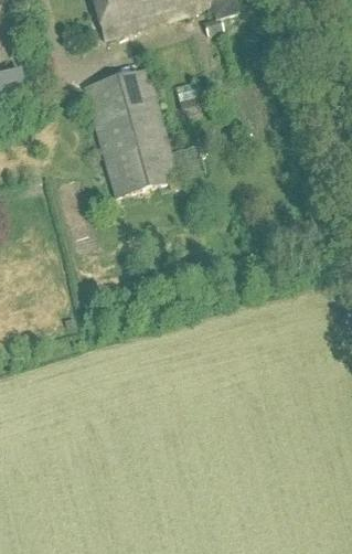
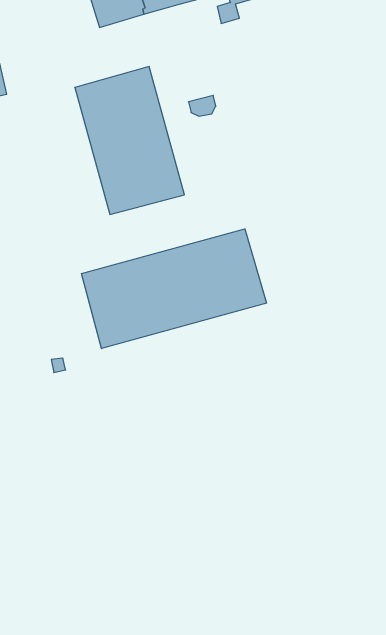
building: none -> [81,229,267,349]

